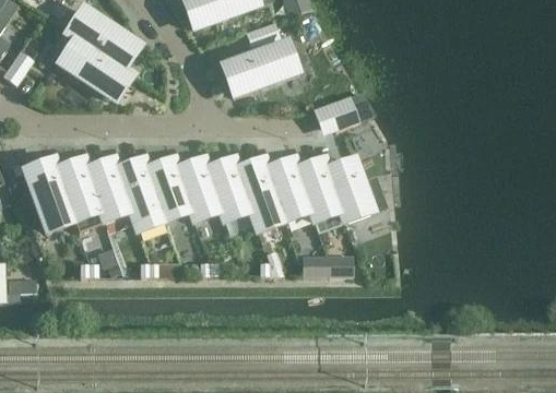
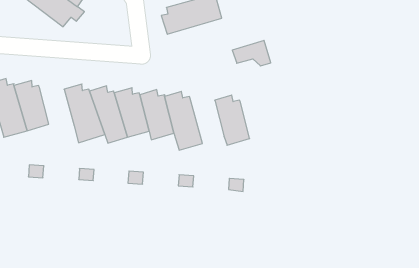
building: [86,160,131,221] -> none
building: [267,160,310,221] -> none
building: [327,160,372,221] -> none

